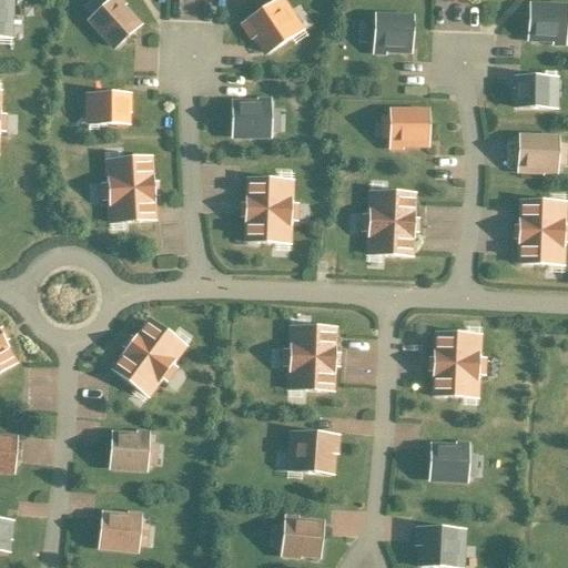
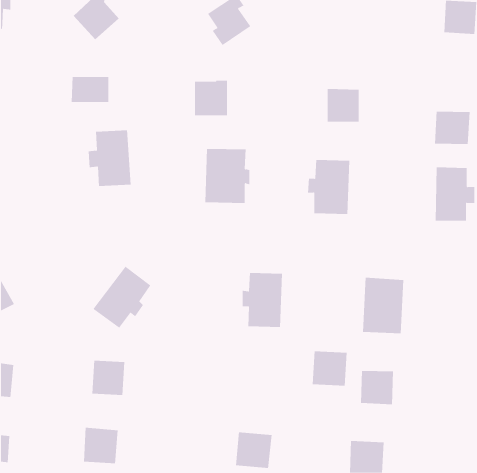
building: [373,11,413,52] -> none
building: [511,73,558,106] -> none
building: [294,430,336,473] -> [312,351,347,386]

